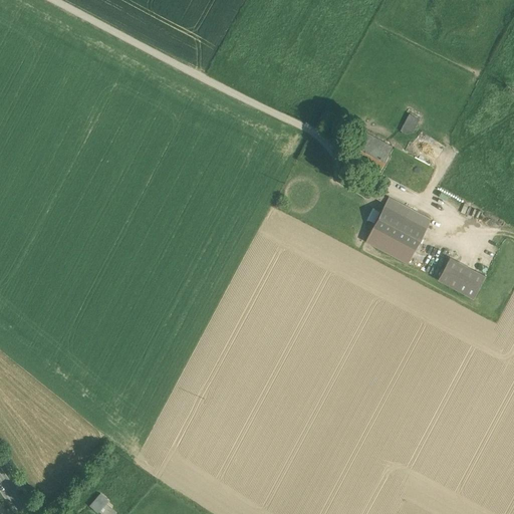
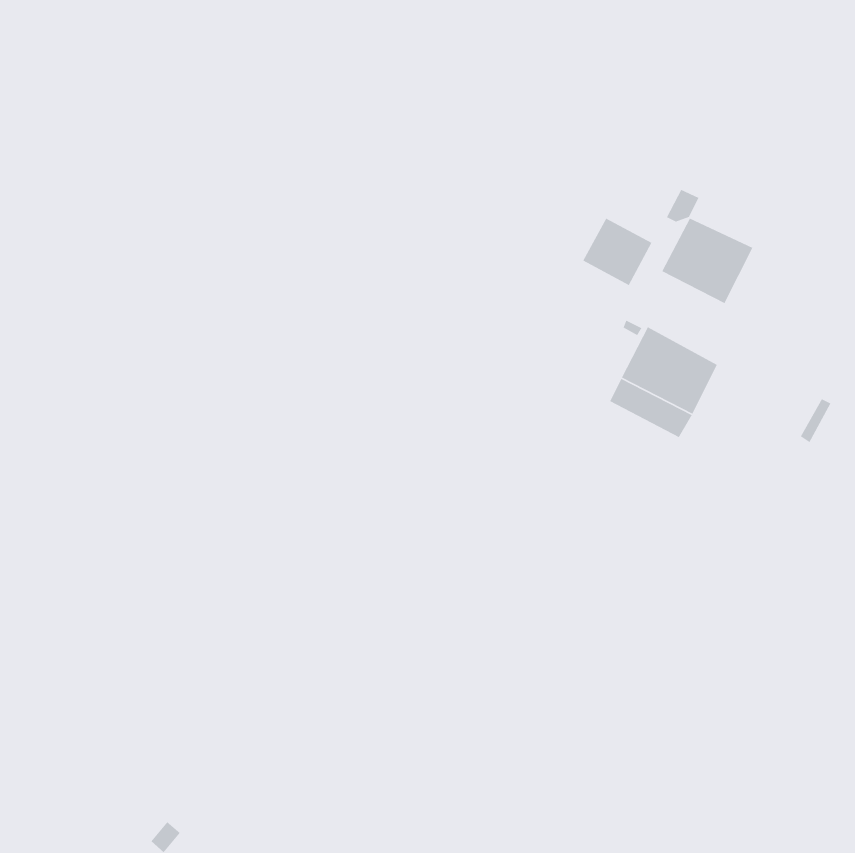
building: none -> [661,217,753,304]
building: [438,257,485,298] -> none

